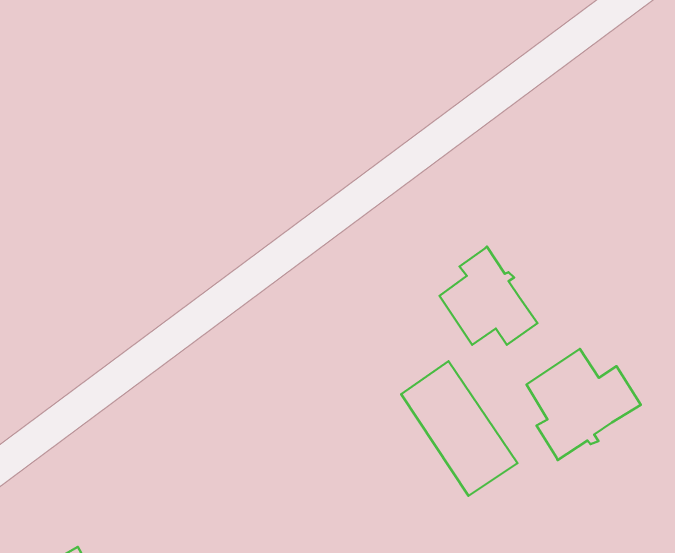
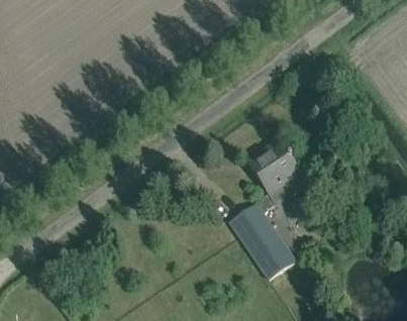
building: [526,349,641,460] -> none

